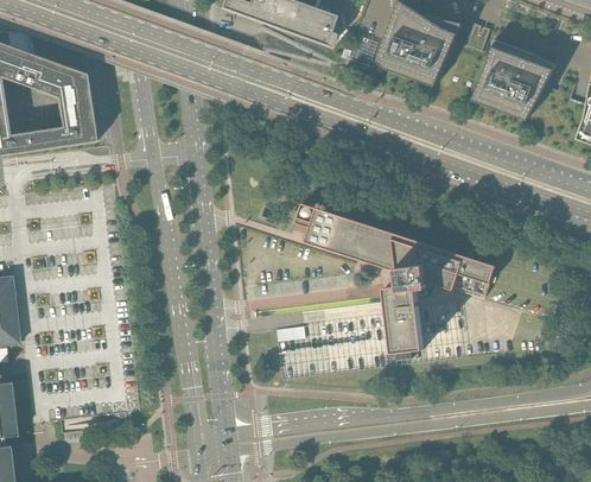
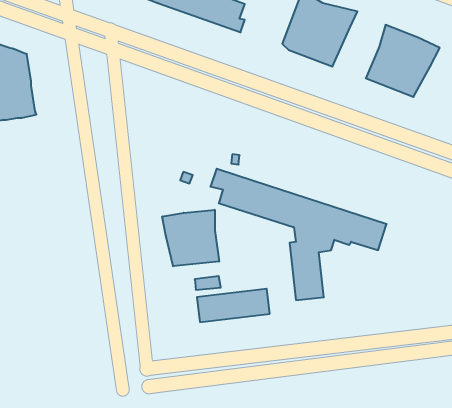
building: none -> [162,210,219,266]

